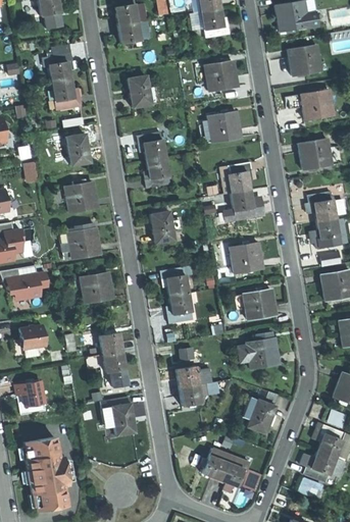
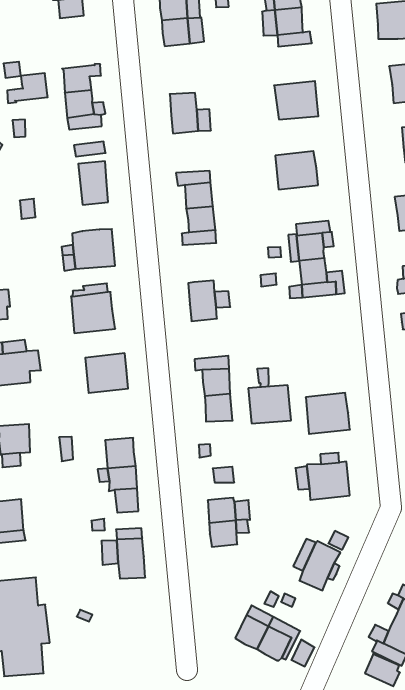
building: [44,45,73,68] -> [7,73,48,103]
building: [230,244,262,273] -> [248,385,291,423]

